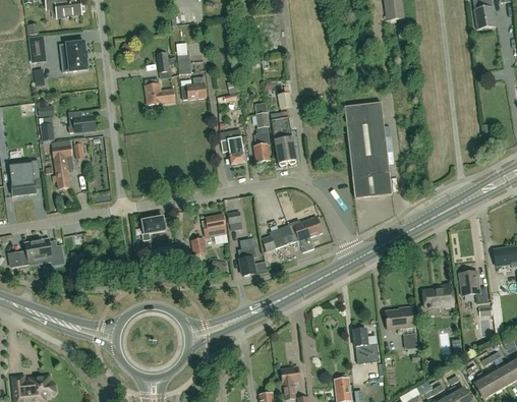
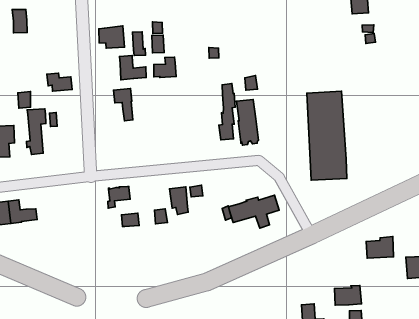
building: [59,41,88,71] -> none
building: none -> [99,26,125,48]
building: none -> [114,88,133,121]
building: [219,128,245,163] -> none
building: [237,246,256,275] -> none
building: [423,284,453,308] -> [366,237,393,258]

